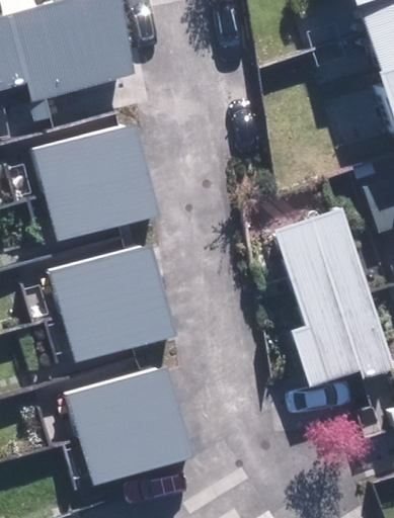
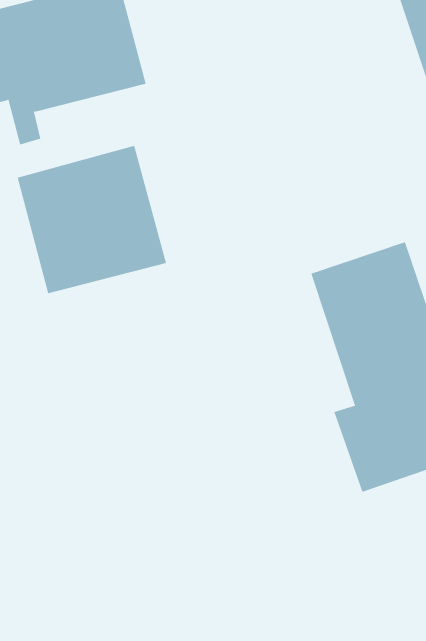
building: [52,244,170,361] -> none
building: [69,363,187,481] -> none

